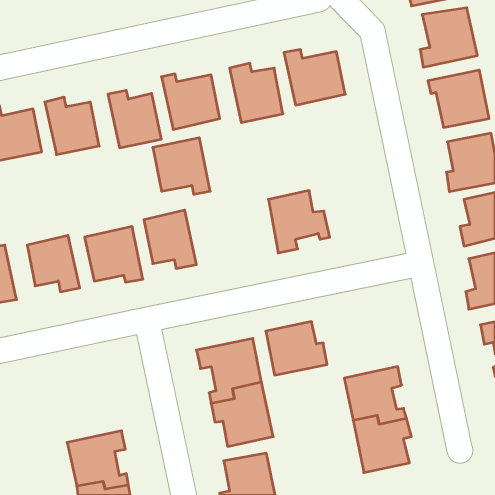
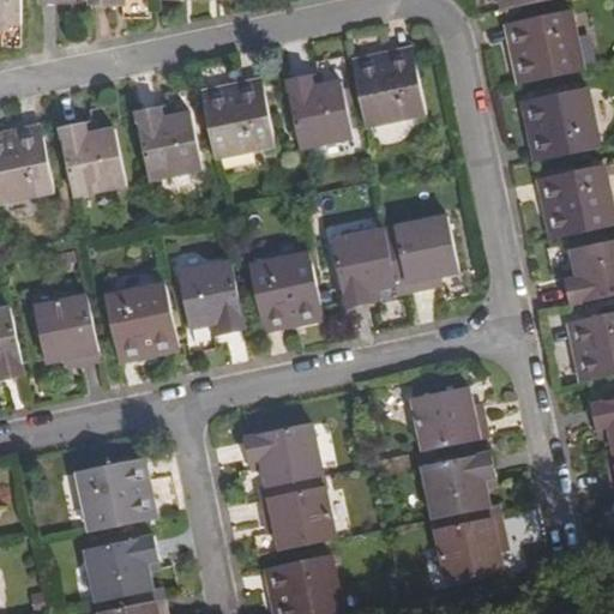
building: [153,138,210,194] -> [249,249,320,319]
building: none -> [381,221,458,293]
building: [266,322,327,375] -> [414,383,489,449]
building: none -> [74,457,154,531]

